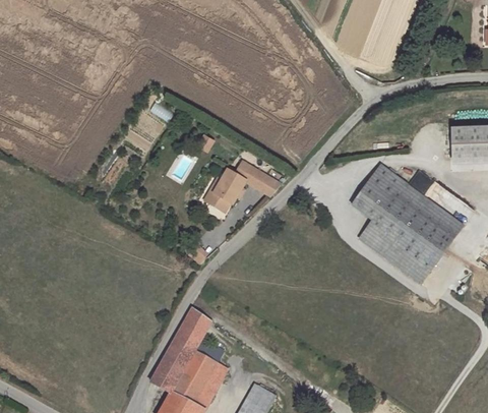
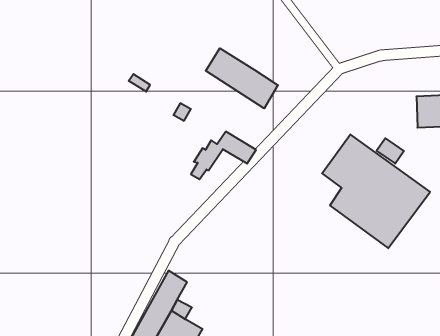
building: none -> [206,48,278,108]

